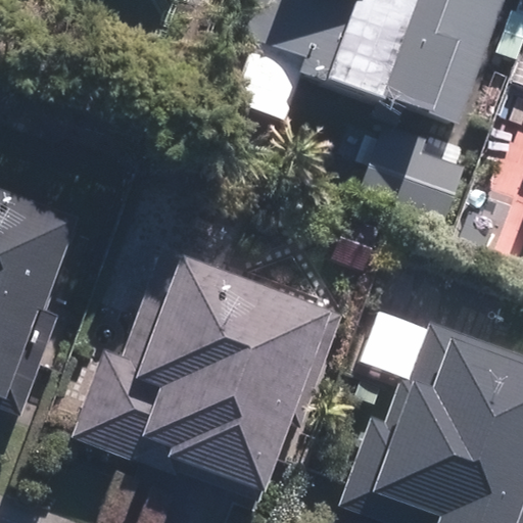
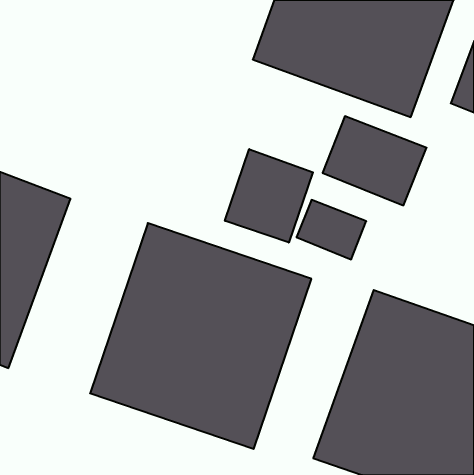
building: none -> [225,149,313,243]

